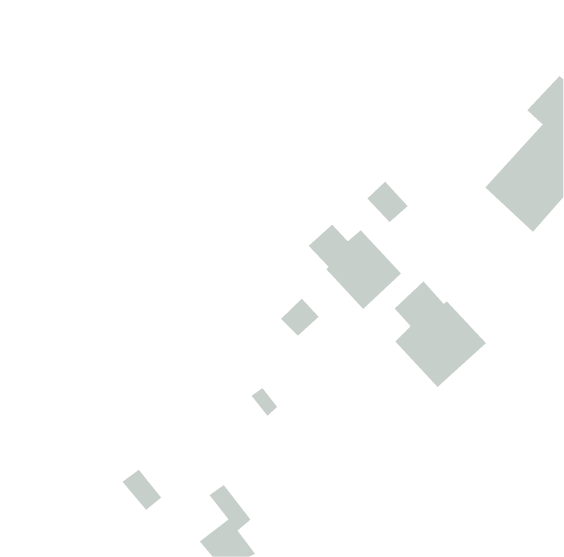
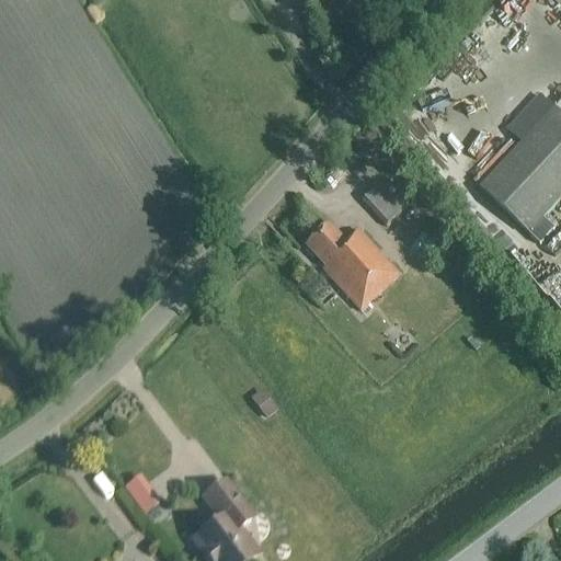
building: [394,280,487,388] -> none
building: [280,298,320,337] -> none

